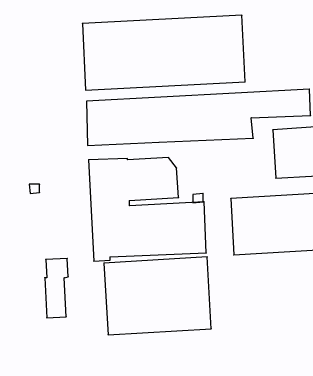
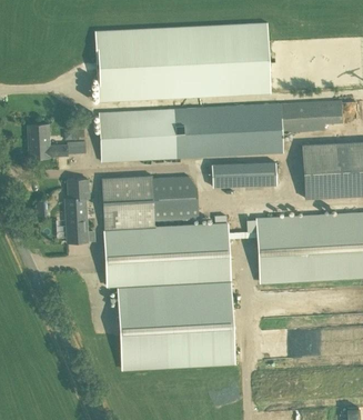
building: none -> [28,124,85,159]
building: none -> [212,162,278,187]
building: [45,258,68,318] -> [65,178,91,242]

